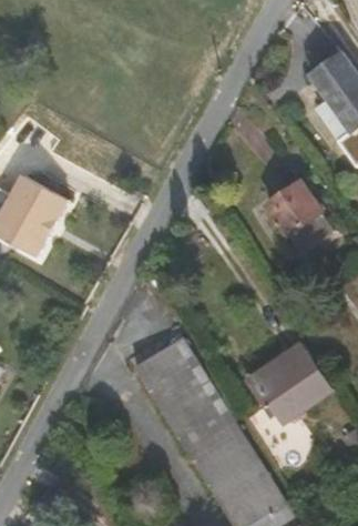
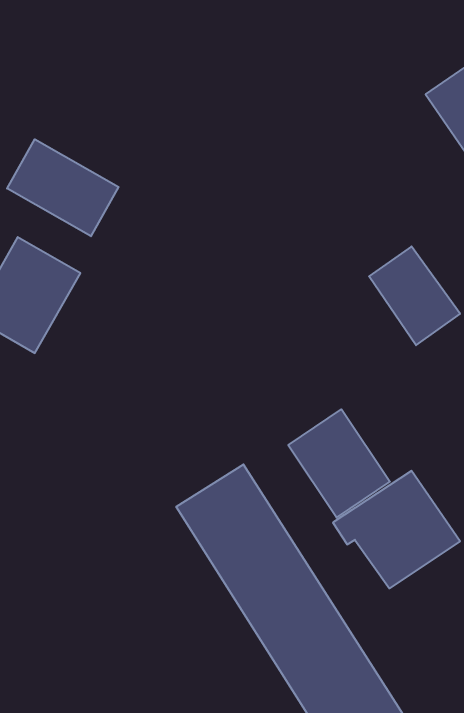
building: none -> [7,139,119,236]
building: none -> [288,409,390,518]

